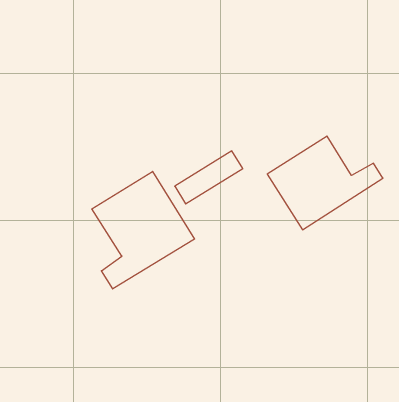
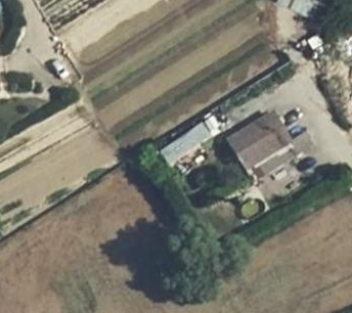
building: [92,171,195,289] -> none

